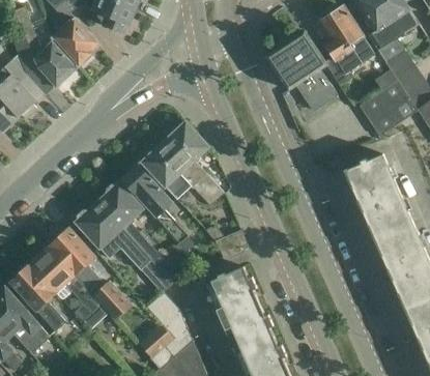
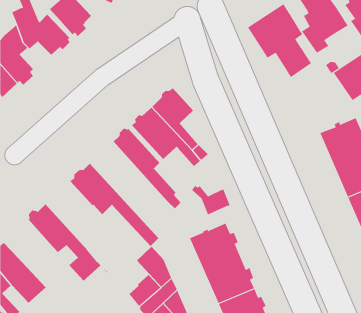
building: [97,182,181,283] -> none
building: [50,228,134,319] -> none
building: [10,263,66,331] -> none

